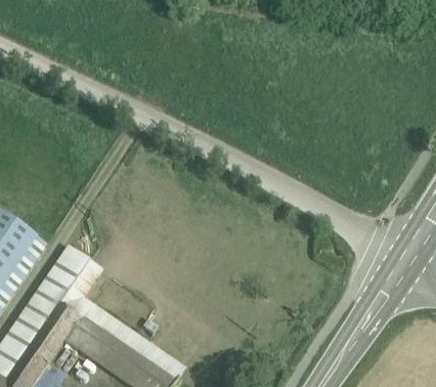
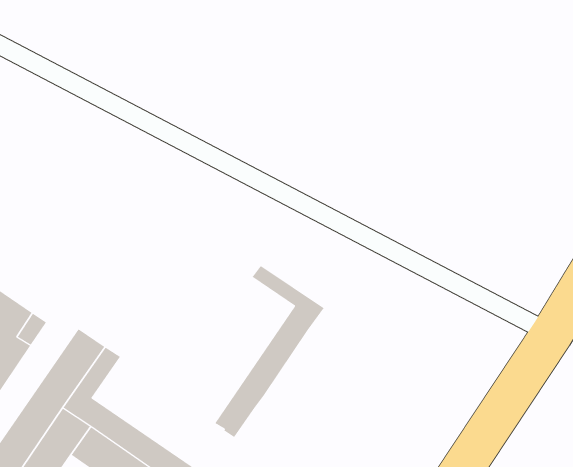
building: none -> [214,265,324,438]

